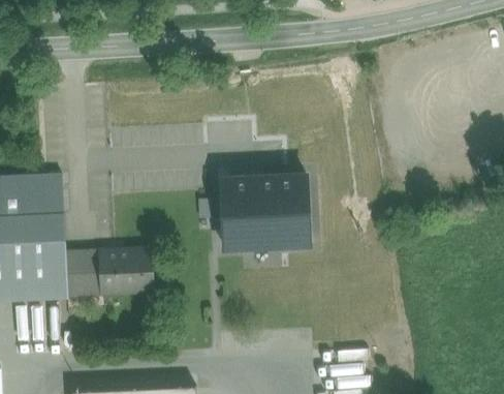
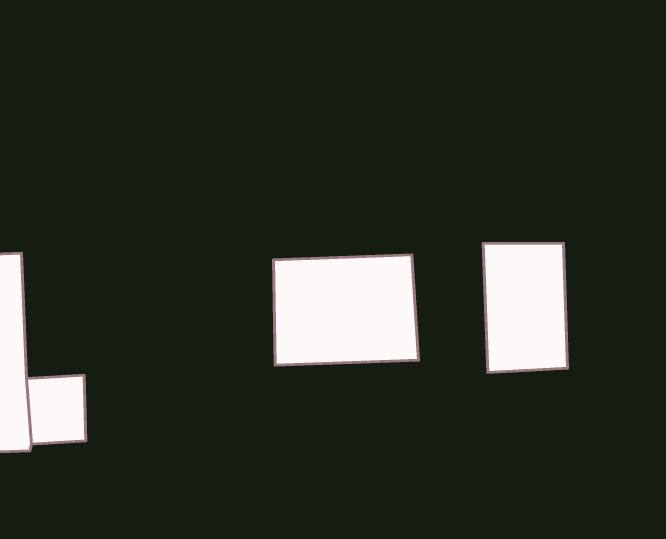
building: none -> [483,243,568,373]
building: [101,249,152,293] -> none

